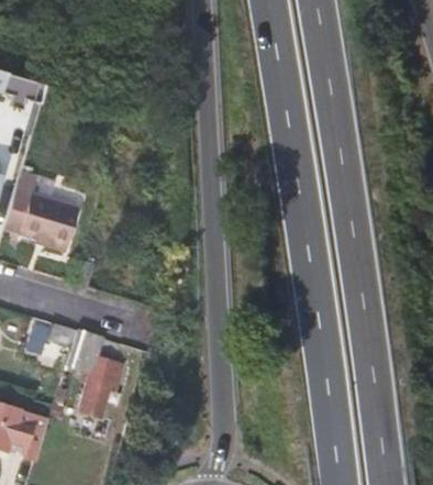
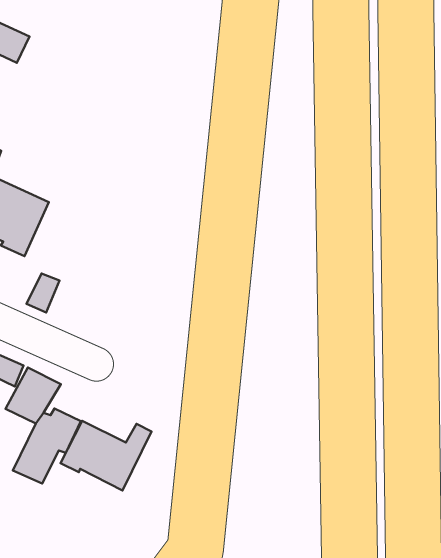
building: none -> [61,421,151,491]

